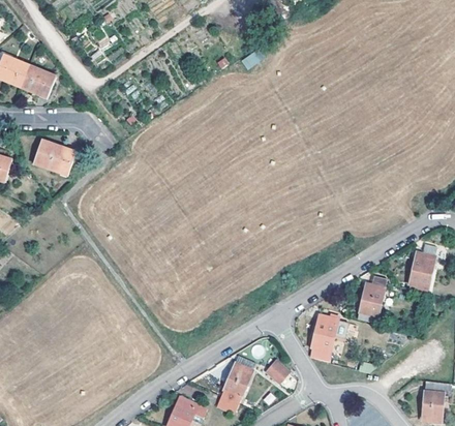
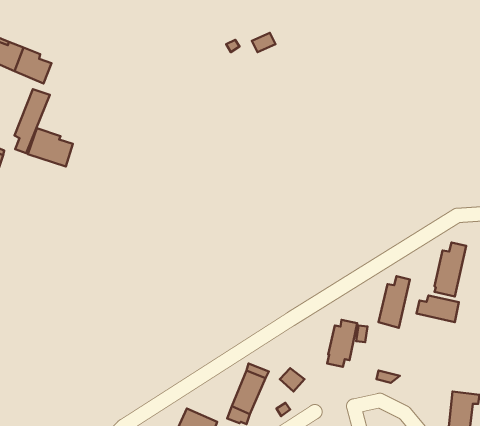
building: none -> [14,89,50,153]
building: none -> [417,295,459,322]

